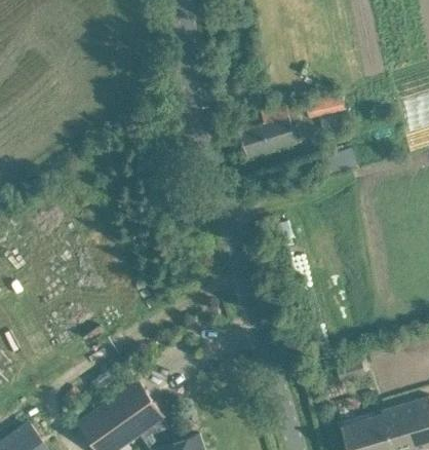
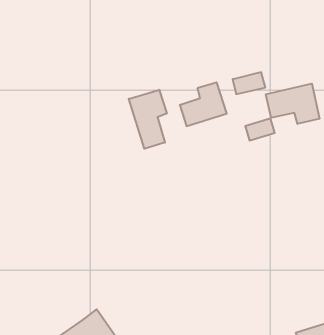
building: none -> [266,84,320,124]
building: none -> [129,90,167,149]

